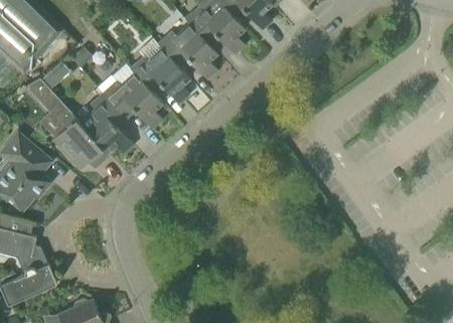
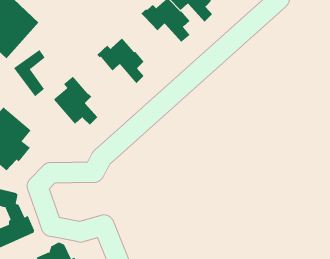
building: [158,23,217,79] -> none
building: [103,64,162,129] -> none
building: [52,112,109,170] -> none

